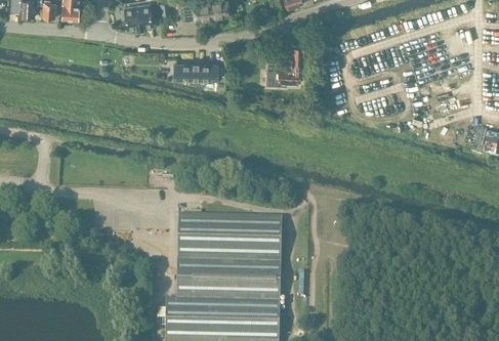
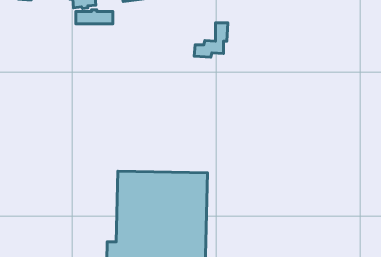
building: [174,62,217,79] -> [76,10,113,24]

